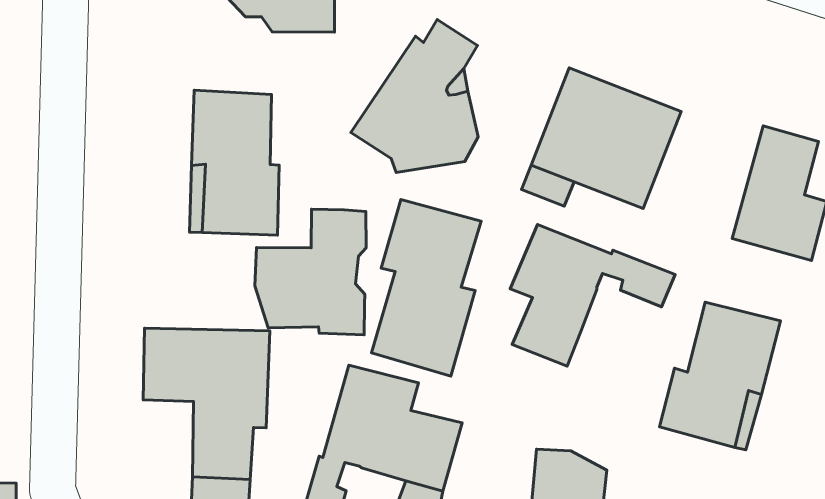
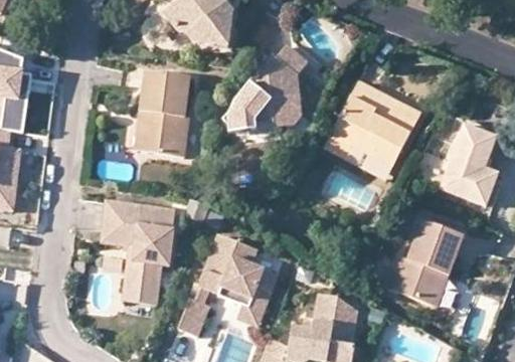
building: [372,200,481,376] -> none
building: [255,209,366,335] -> none
building: [510,224,675,366] -> none

